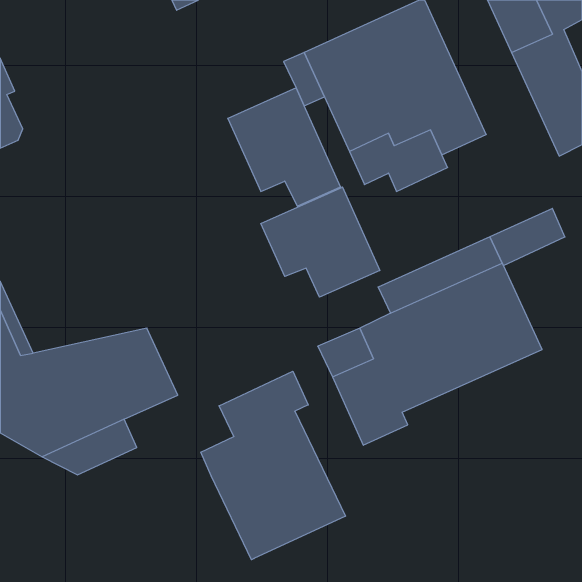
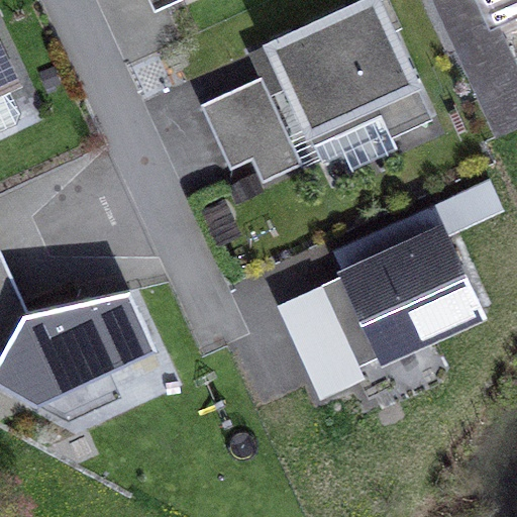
building: [261,187,380,297] -> none
building: [201,371,345,560] -> none

